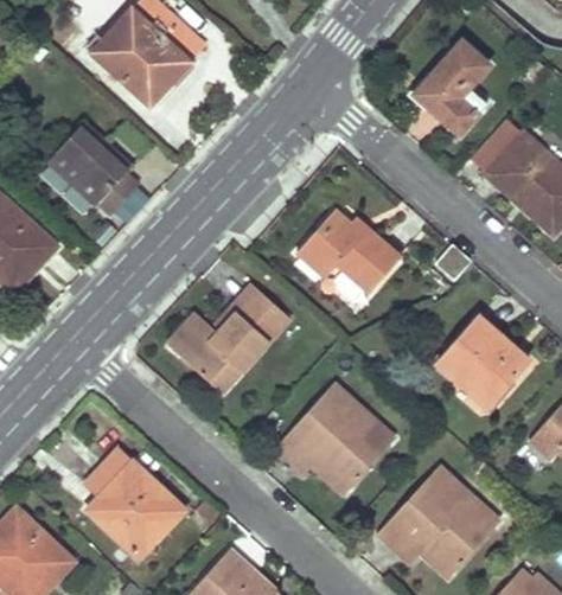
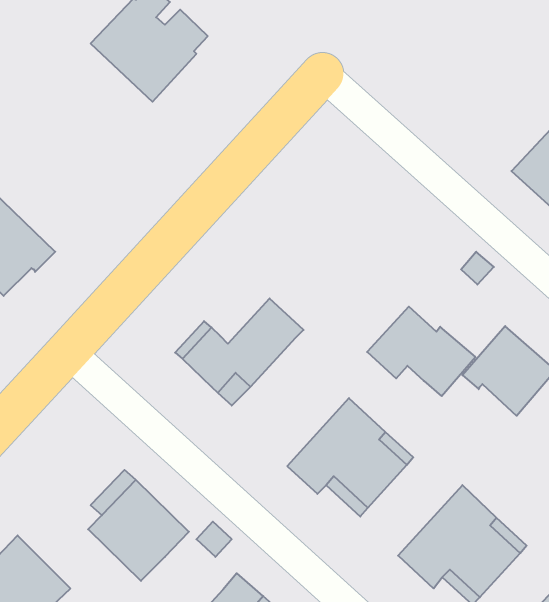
building: [415,39,488,130] -> none
building: [47,126,136,215] -> none
building: [298,209,400,293] -> [367,307,475,396]

